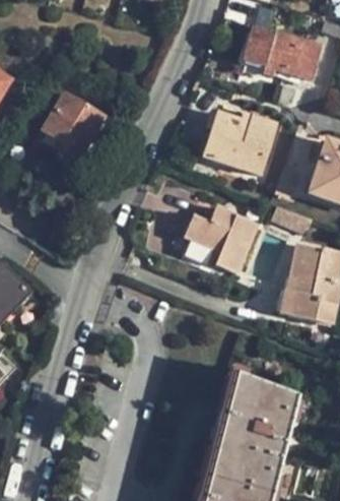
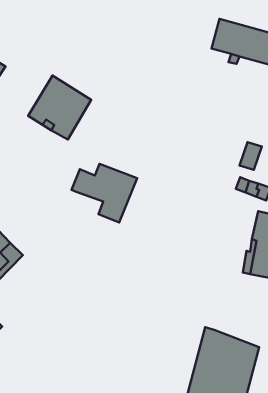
building: [203,113,275,174] -> none
building: [184,207,258,273] -> [72,164,137,222]

